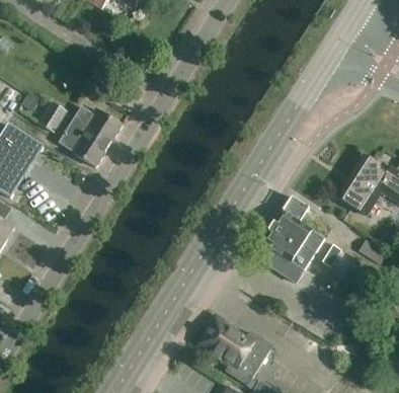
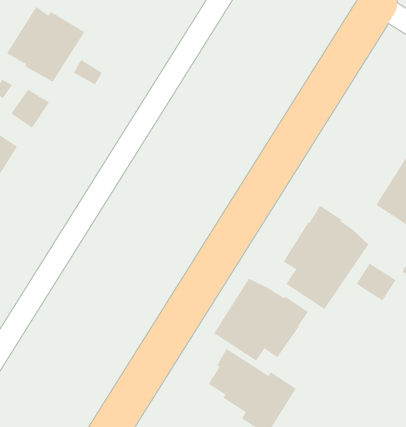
building: [57,103,122,166] -> [6,6,85,83]
building: none -> [213,278,309,362]

